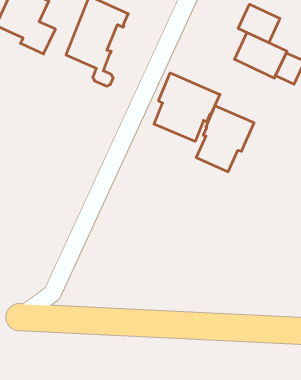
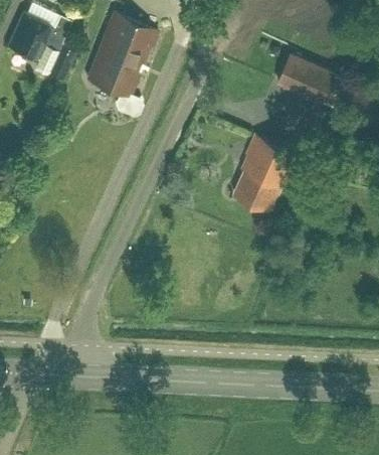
building: [238,4,280,43] -> none
building: [154,73,220,141] -> none

